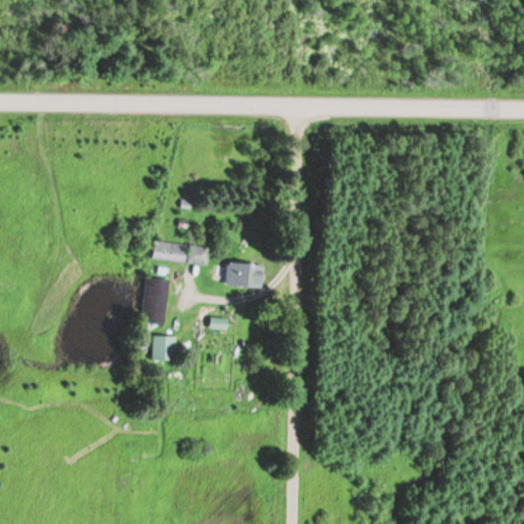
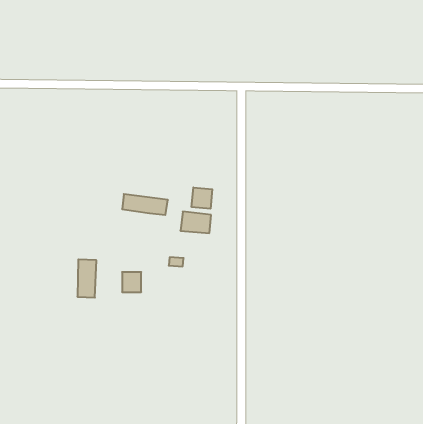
building: none -> [192,187,212,209]
building: [144,277,168,324] -> [77,259,96,298]

